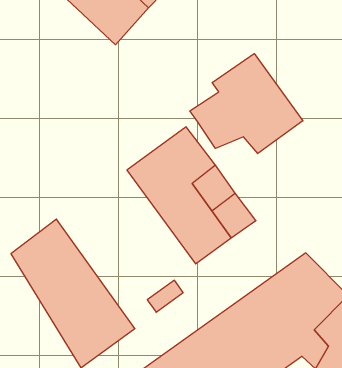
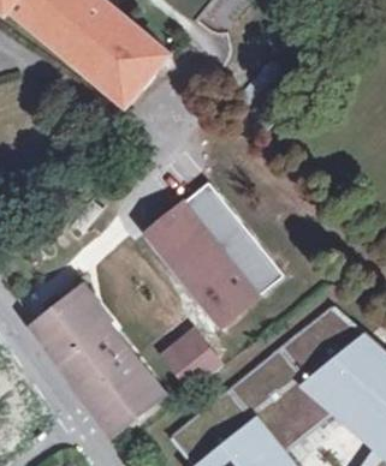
building: [190,54,303,154] -> none

